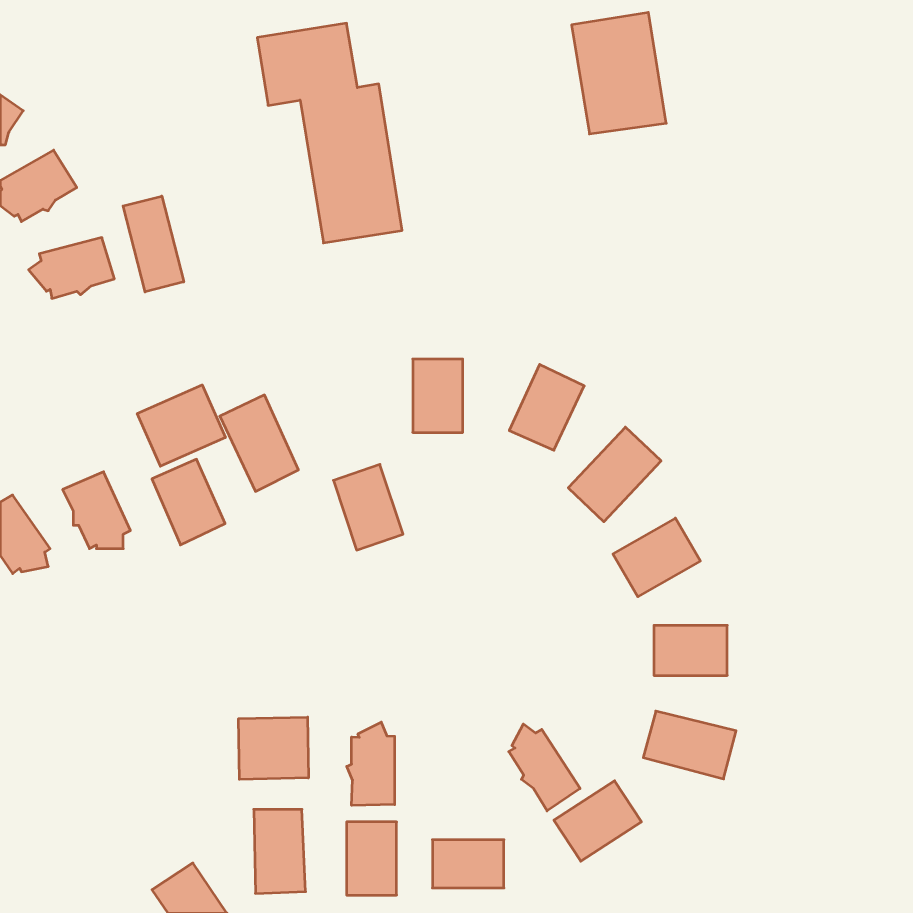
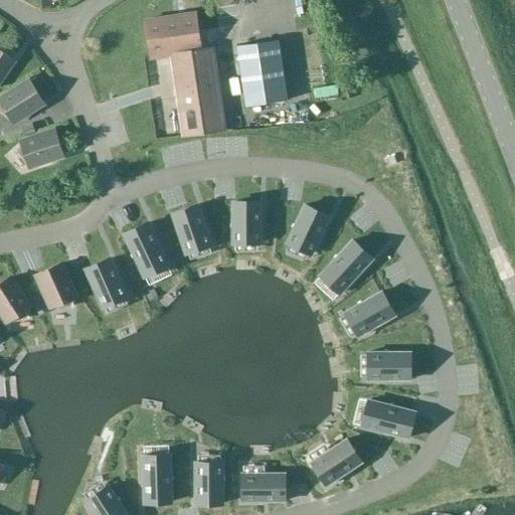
building: [572,12,666,134] -> [235,38,289,107]
building: [123,196,184,292] -> none
building: [137,385,225,466] -> none
building: [333,464,403,550] -> [172,205,211,253]
building: [239,717,308,779] -> none
building: [347,722,395,805] -> none
building: [509,724,580,811] -> none

